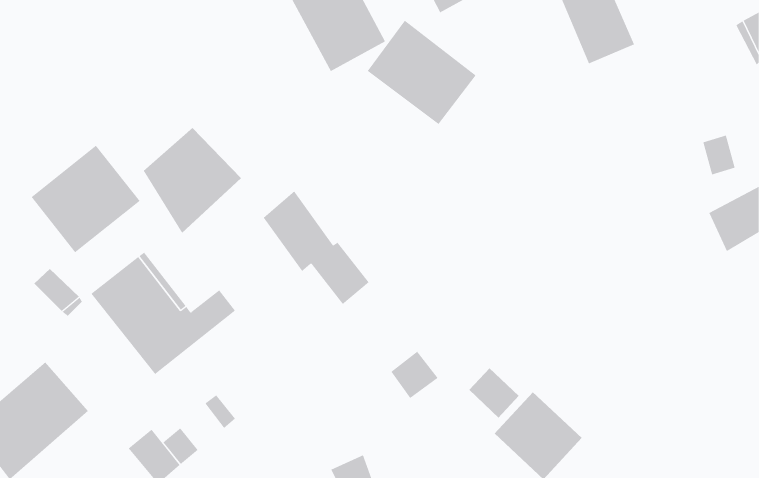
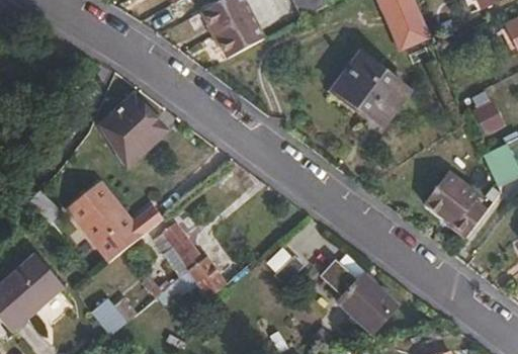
building: [367,20,476,125] -> [334,54,408,124]
building: [31,145,140,253] -> none
building: [263,191,369,305] -> [155,220,227,297]
building: none -> [422,170,487,238]

